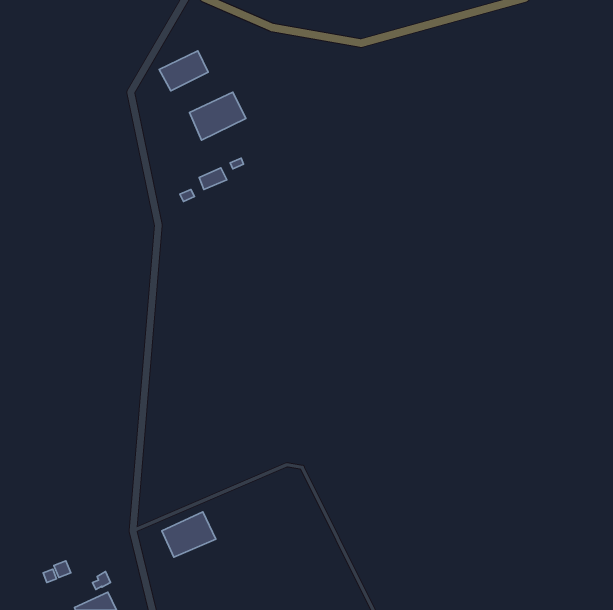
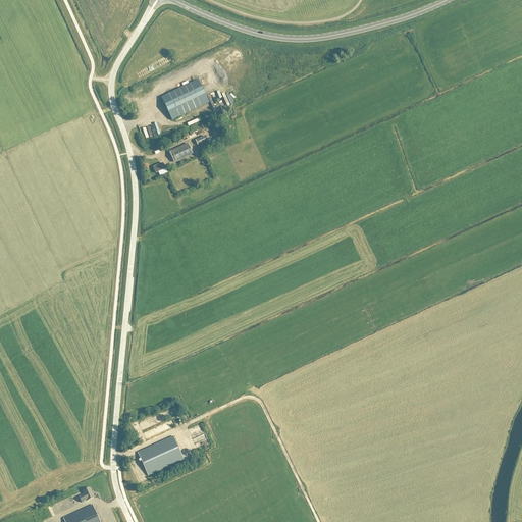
building: [159,51,208,91] -> none

